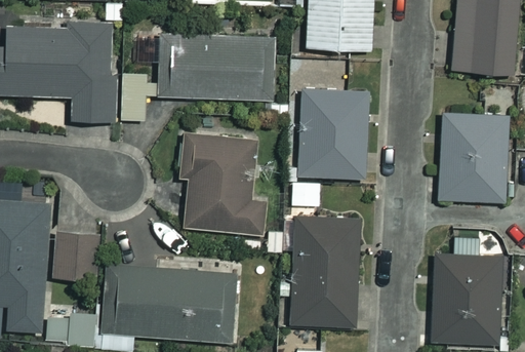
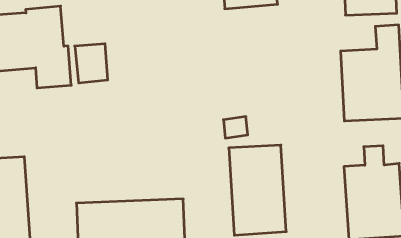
building: [150,34,273,99] -> none
building: [300,88,366,177] -> none
building: [175,133,264,234] -> none
building: [53,232,99,280] -> none

